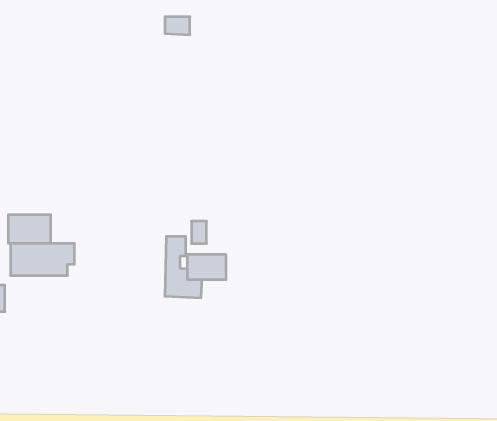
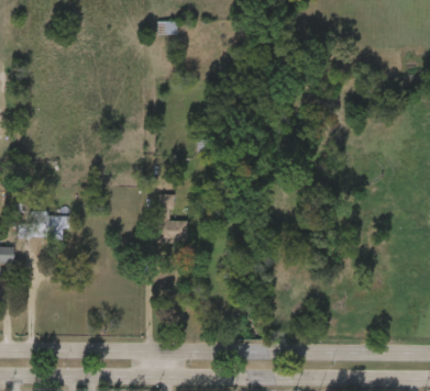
building: [8,215,51,243] -> none

